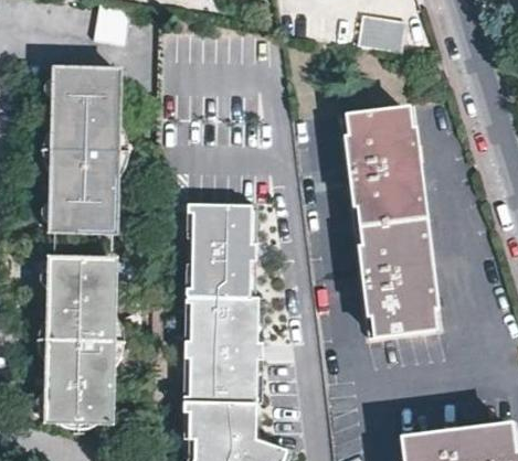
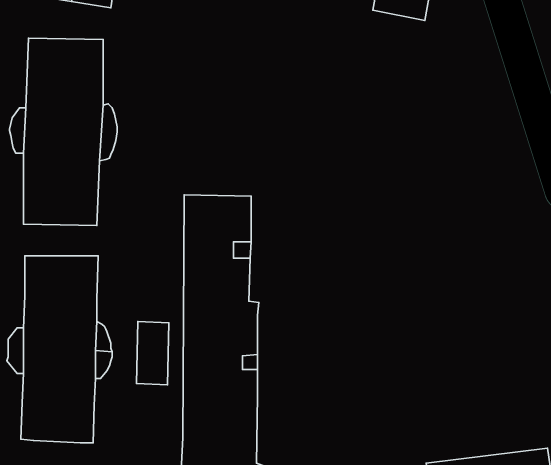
building: [342,109,435,337] -> none
building: none -> [136,321,169,385]

